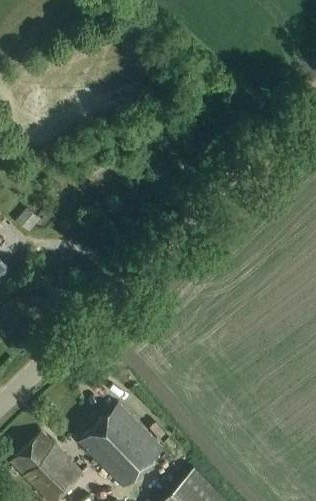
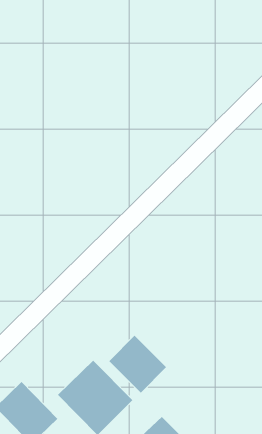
building: none -> [108,335,167,394]

